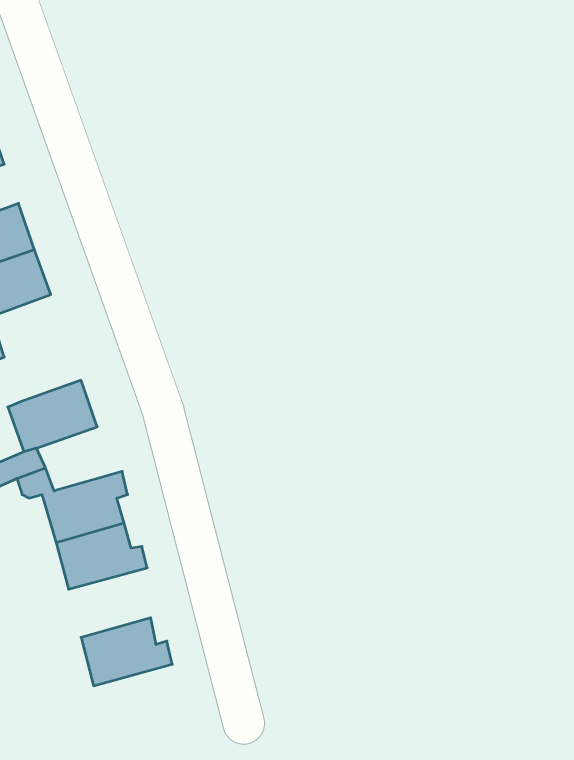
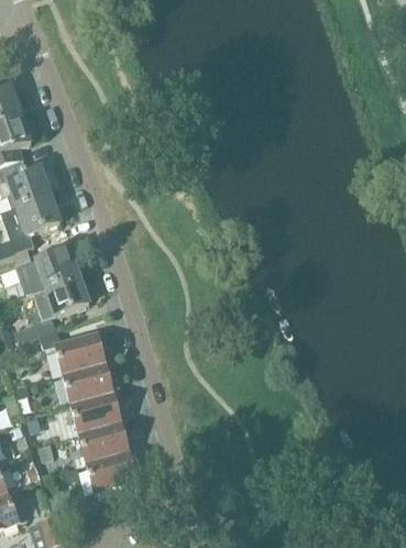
building: none -> [34,244,77,285]
building: none -> [69,387,121,430]
building: none -> [85,447,138,493]

